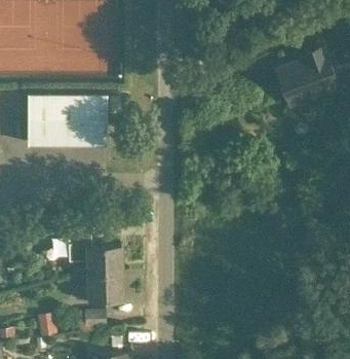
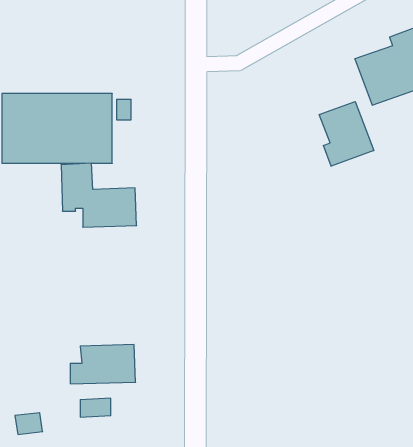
building: none -> [319,102,374,166]
building: [68,229,121,275] -> [61,163,137,227]

